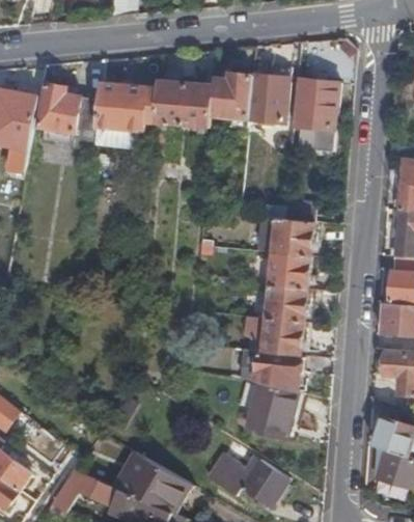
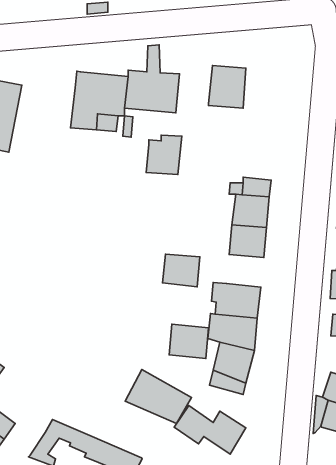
building: [211,73,250,116] -> [146,135,182,174]
building: [289,79,339,150] -> none
building: [38,83,98,147] -> none
building: [266,284,307,321] -> [163,254,200,287]
building: none -> [169,324,209,358]
building: [114,450,188,511] -> [125,369,191,423]

